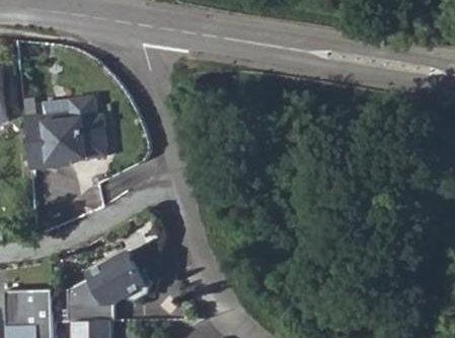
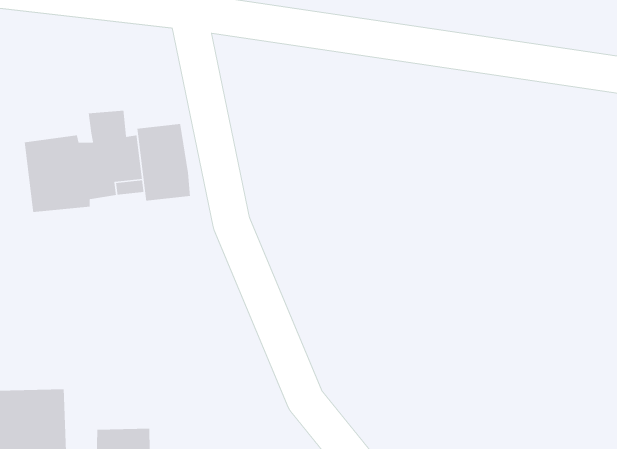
building: none -> [137,123,191,201]
building: [71,249,157,319] -> none

